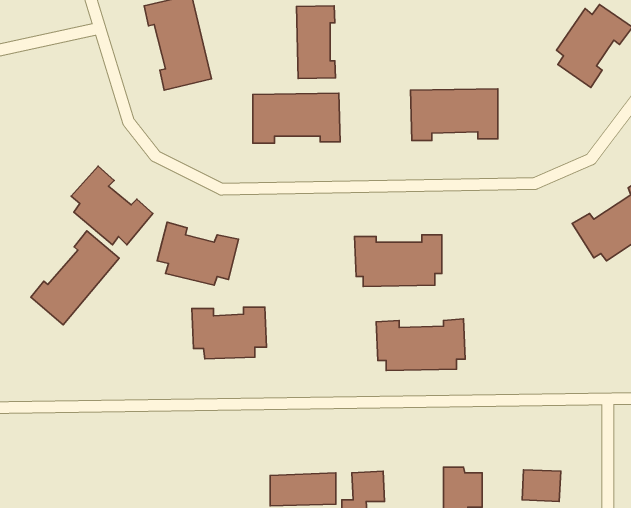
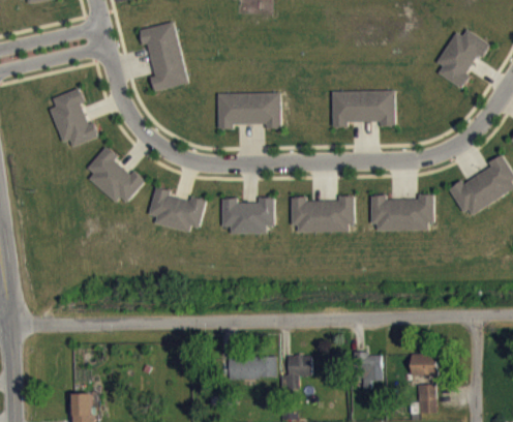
building: [296,6,336,79] -> none
building: none -> [49,86,98,145]
building: [31,231,119,325] -> none
building: [192,307,266,359] -> [221,194,275,232]
building: [376,319,465,370] -> [370,191,434,229]

